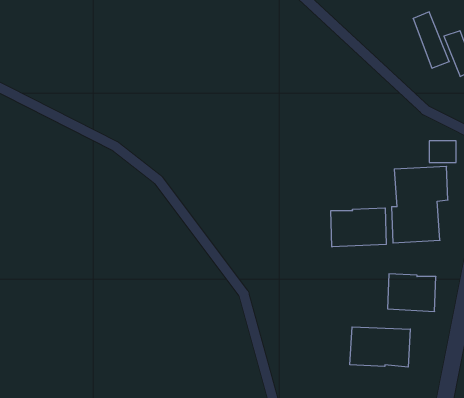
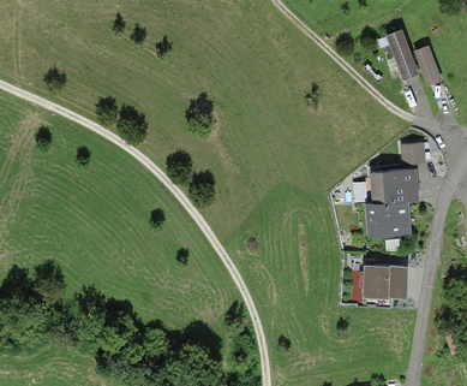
building: [331,208,386,247] -> none
building: [350,327,410,367] -> none

